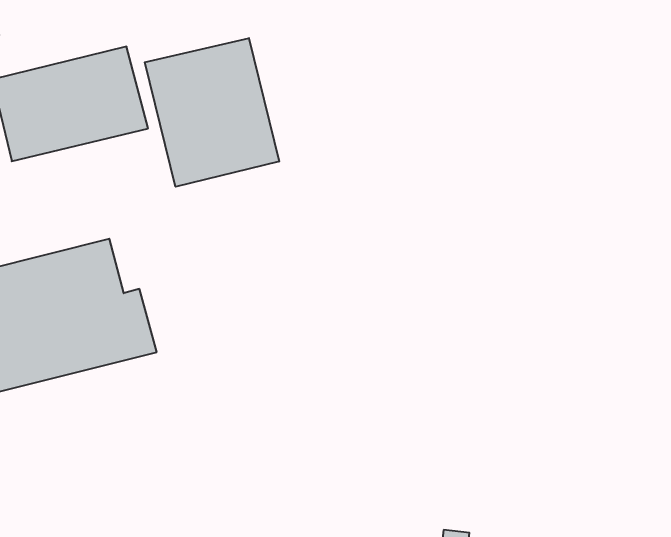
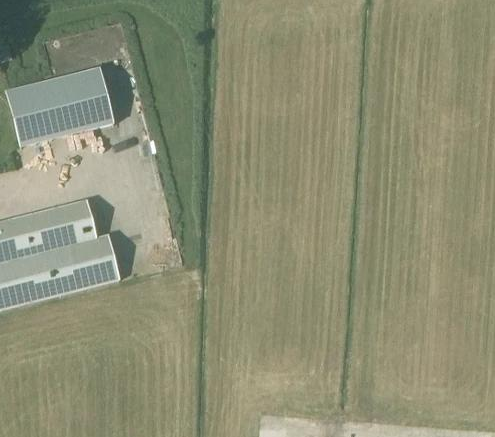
building: [145,38,279,187] -> none

